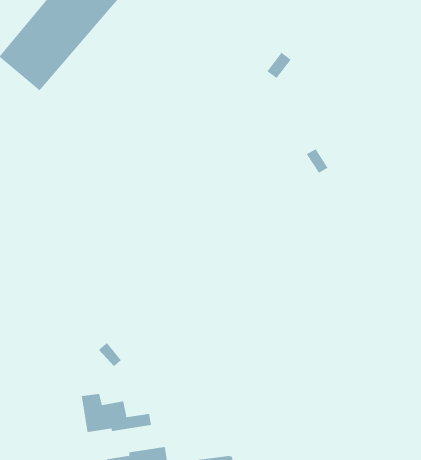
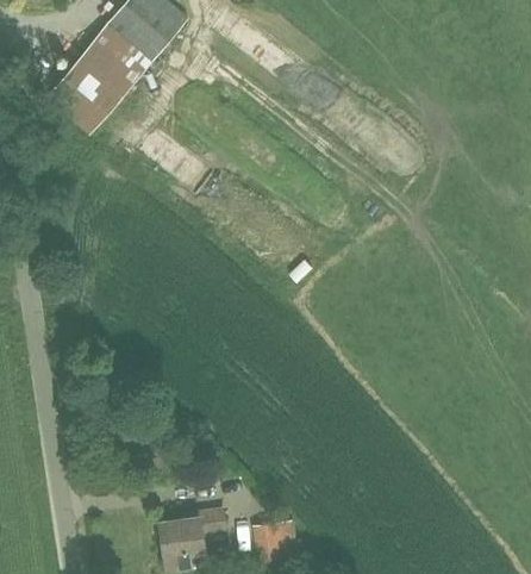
building: [81,393,152,433] -> none

